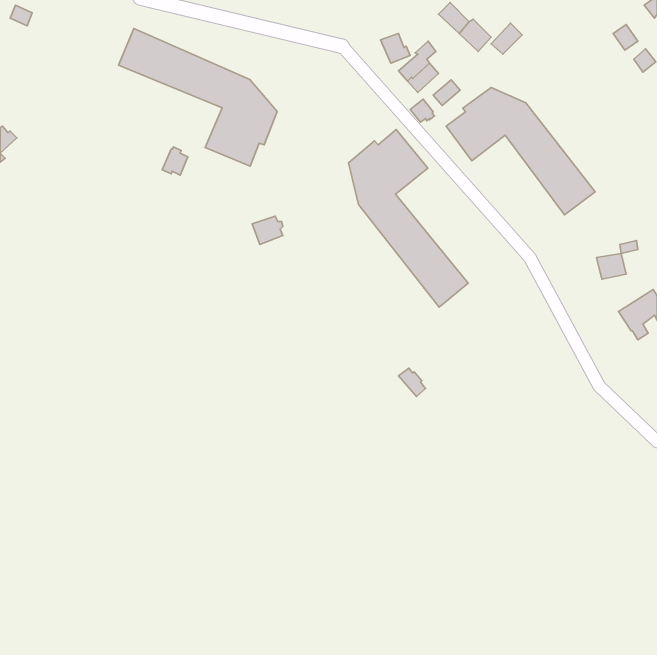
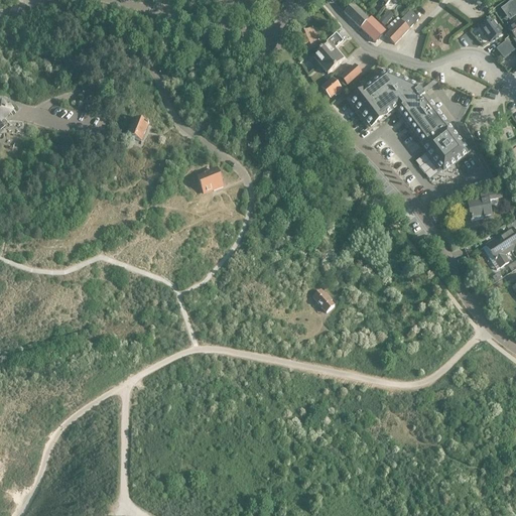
building: [119,29,277,166] -> none
building: [348,130,468,307] -> none

